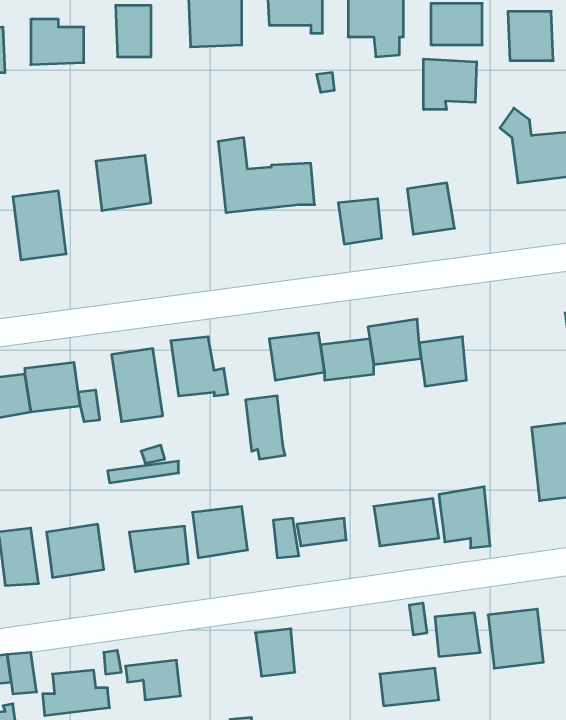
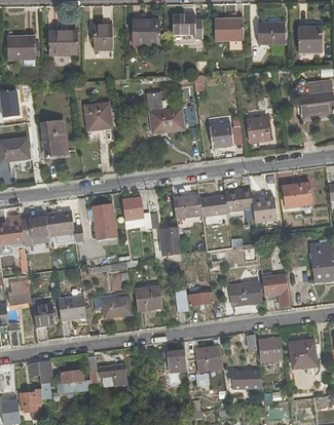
building: [424,59,477,110] -> none
building: none -> [283,182,312,207]
building: none -> [195,344,223,372]

